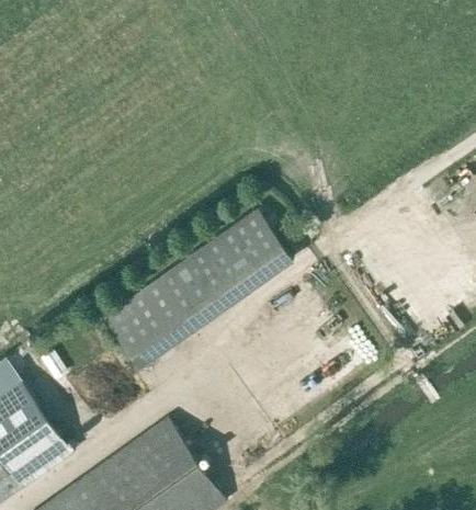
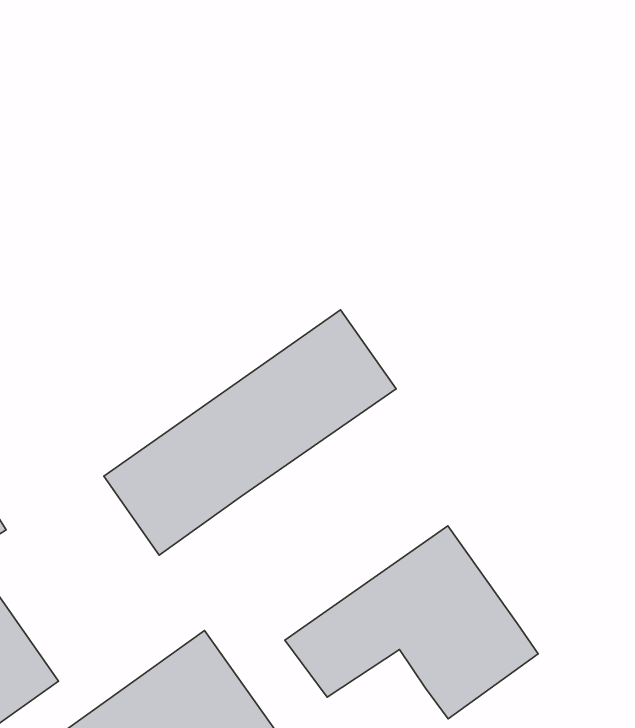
building: none -> [285,526,538,719]

